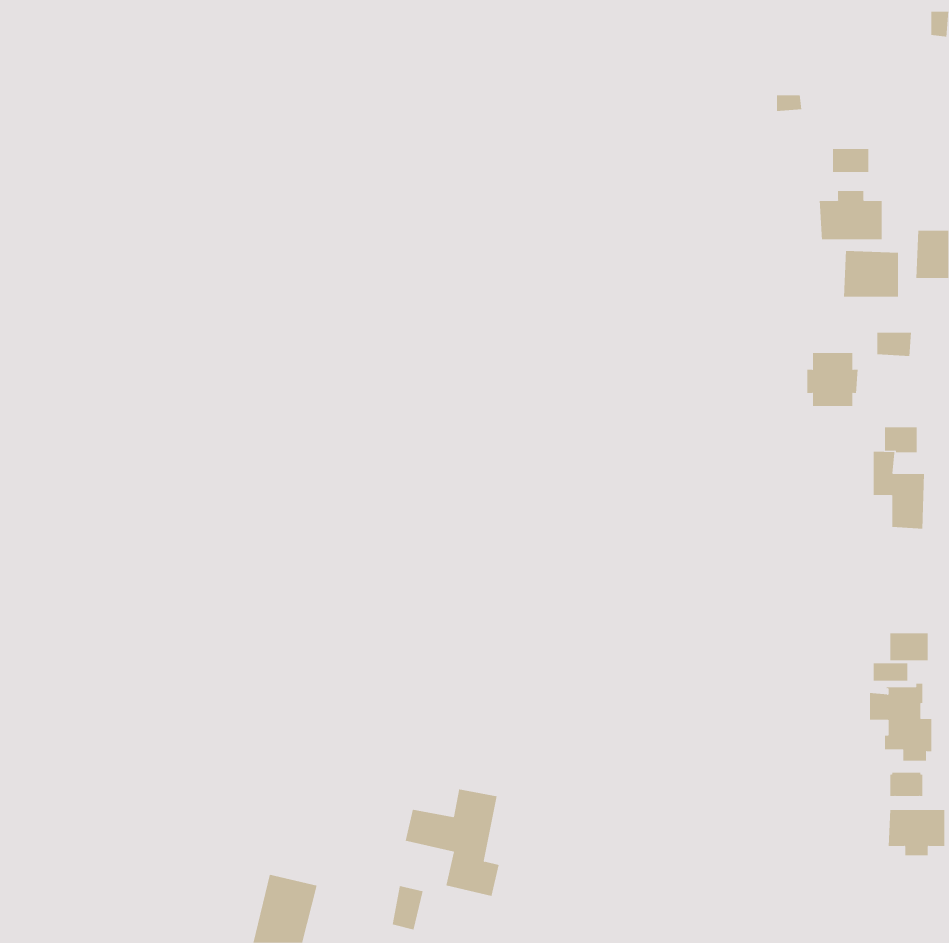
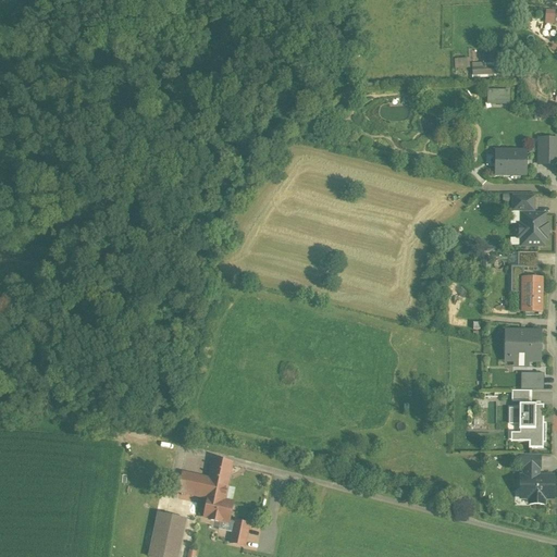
building: [819,190,882,240] -> none
building: [807,353,859,406] -> [518,212,548,244]
building: none -> [507,330,537,363]
building: [405,789,499,897] -> [180,460,235,523]

